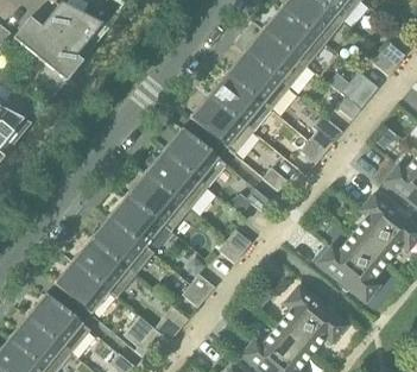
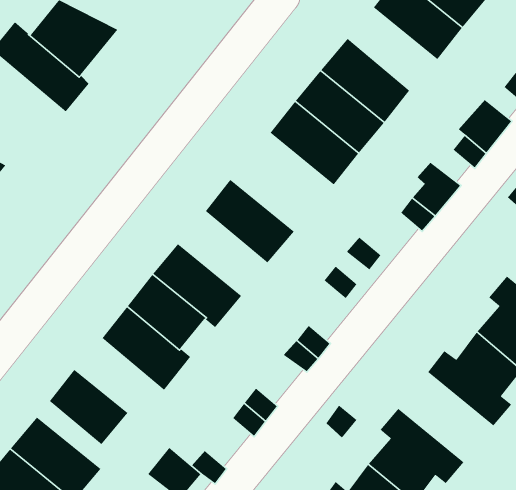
building: [263,7,326,65] -> none
building: [189,95,253,155] -> none
building: [144,150,207,209] -> none
building: [71,239,134,298] -> none

